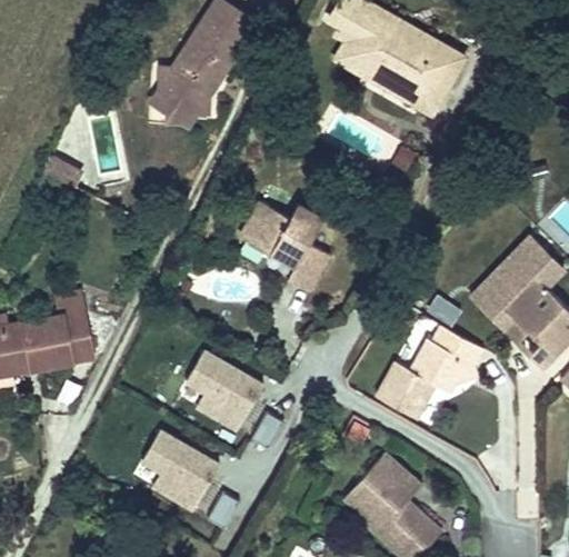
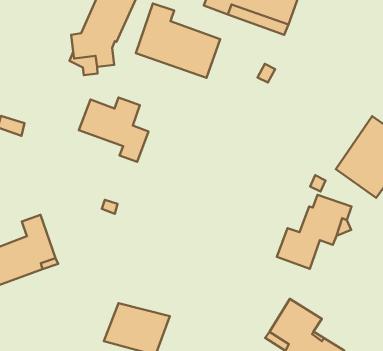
building: none -> [136,4,220,78]
building: [240,201,329,291] -> [79,97,148,162]
building: [172,352,263,427] -> none

